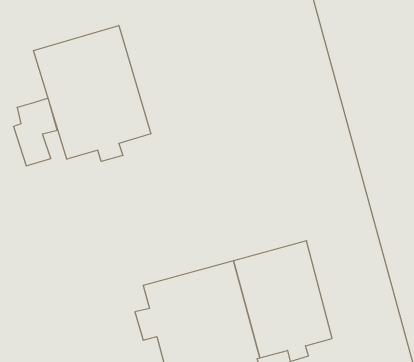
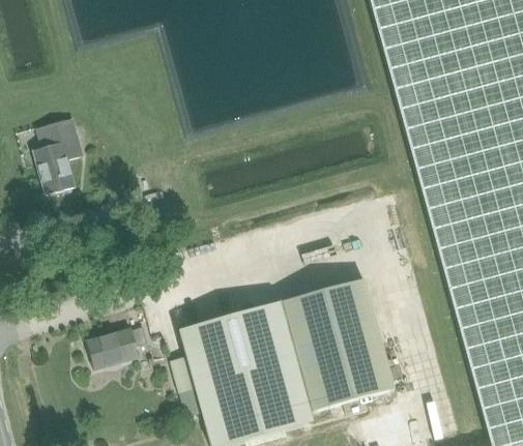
building: [34,25,151,161] -> none
building: none -> [85,325,146,367]

